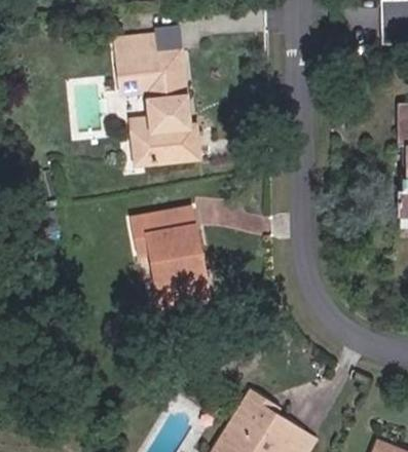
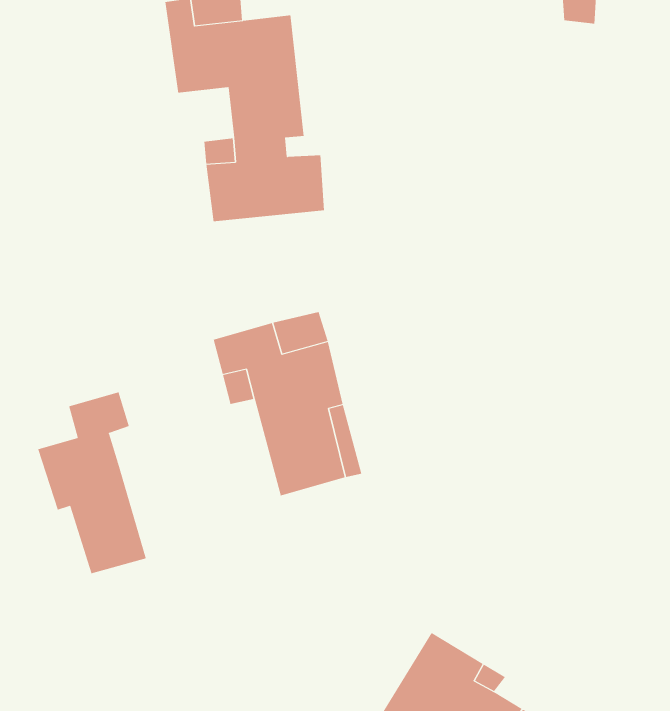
building: none -> [38,392,146,574]

